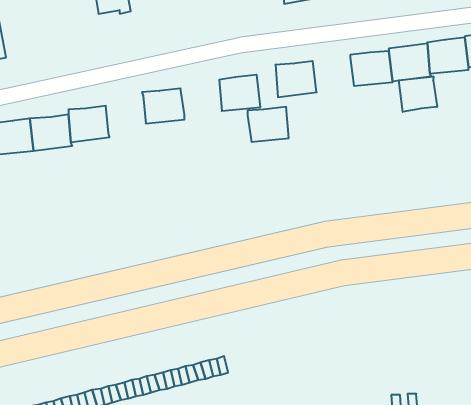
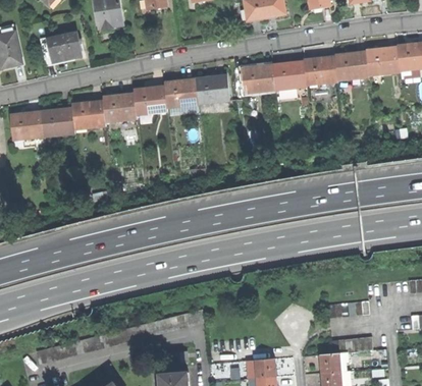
building: none -> [42,33,82,62]
building: none -> [273,62,307,91]
building: [399,76,437,112] -> none
building: none -> [103,94,138,124]
building: [248,107,289,142] -> [165,80,199,109]

